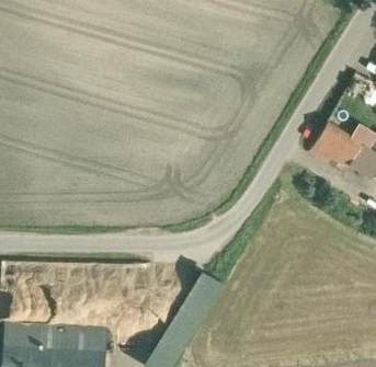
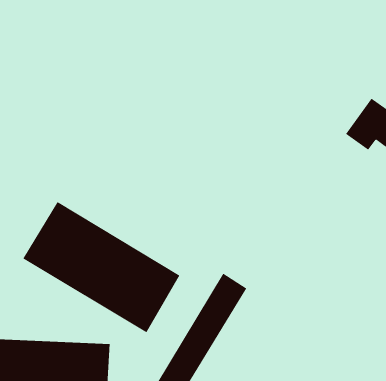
building: none -> [23,201,180,333]

